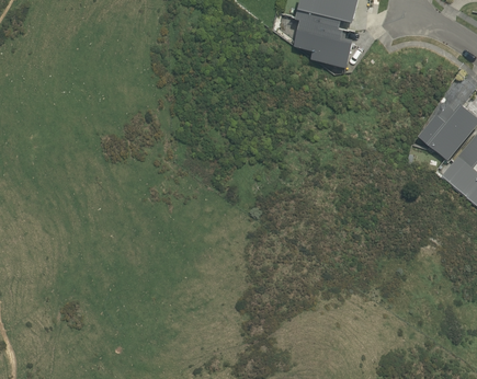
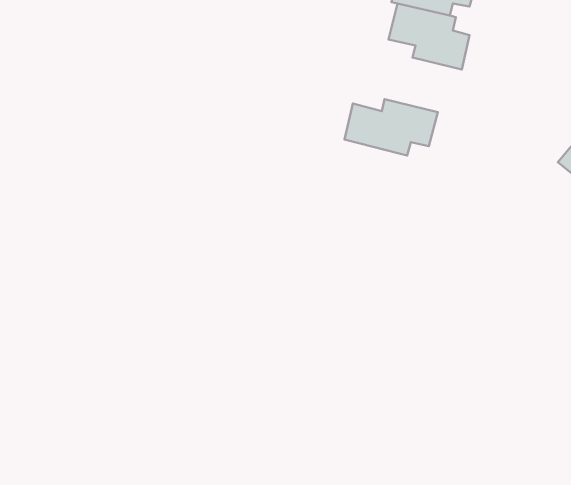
building: none -> [344,99,438,155]

